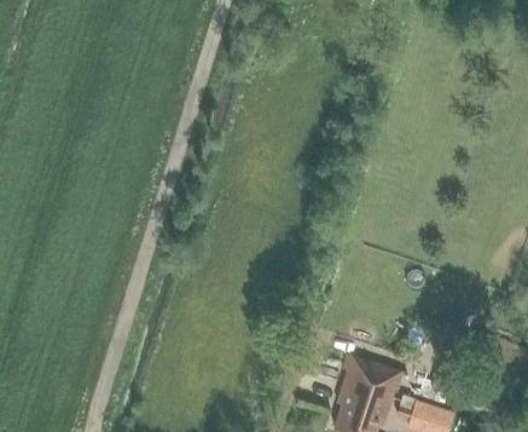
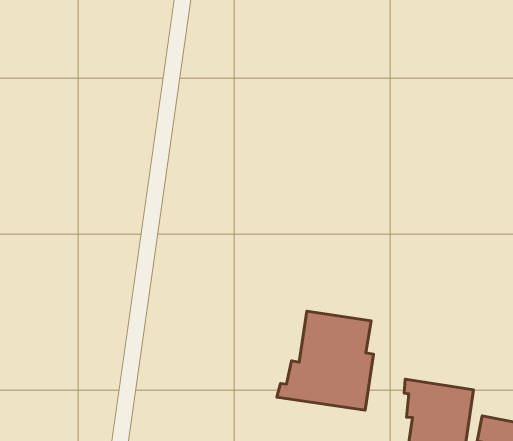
building: none -> [277,311,374,410]

